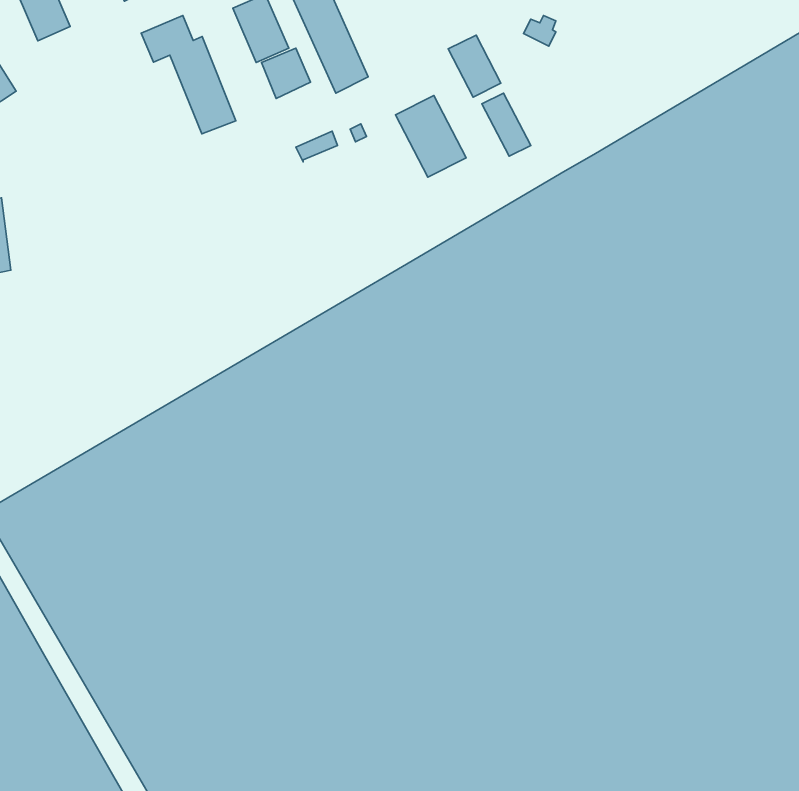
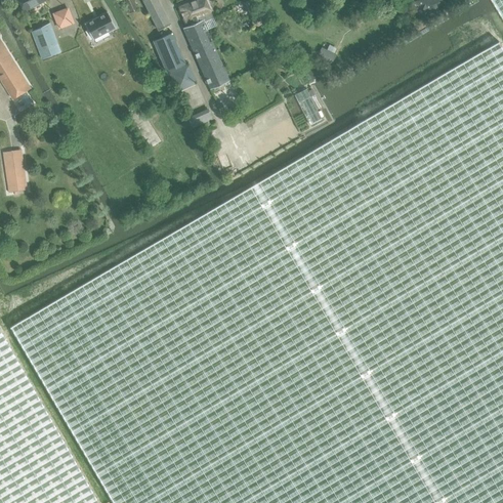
building: [141,15,236,134] -> none
building: [448,35,501,97] -> none
building: [396,96,466,177] -> none

